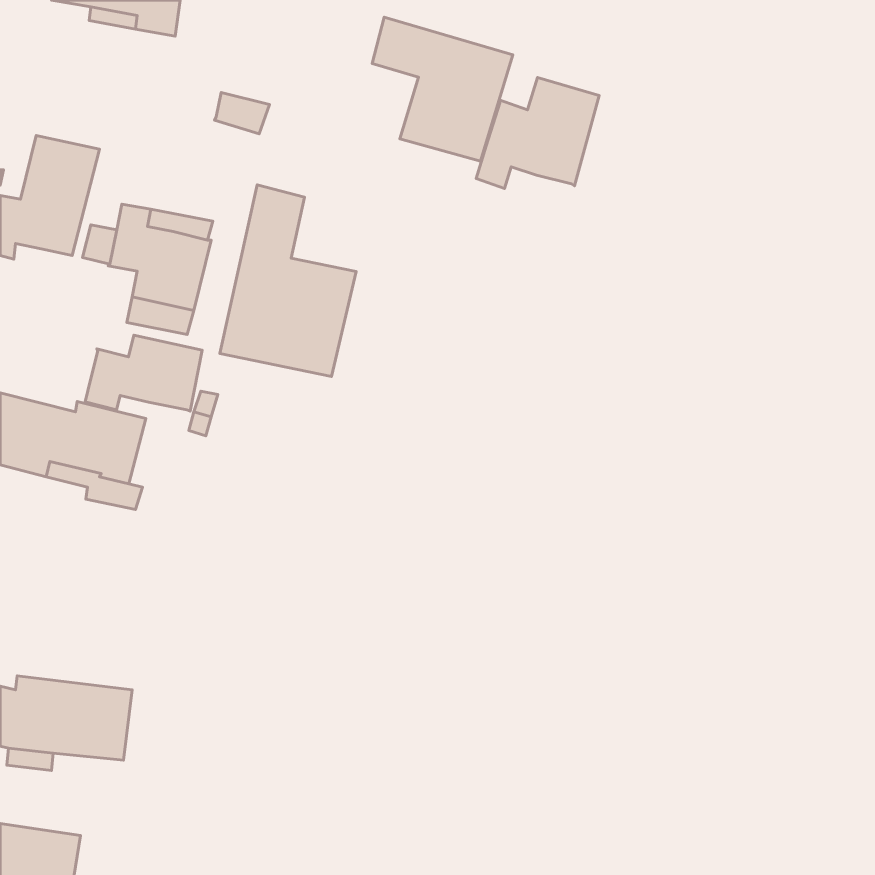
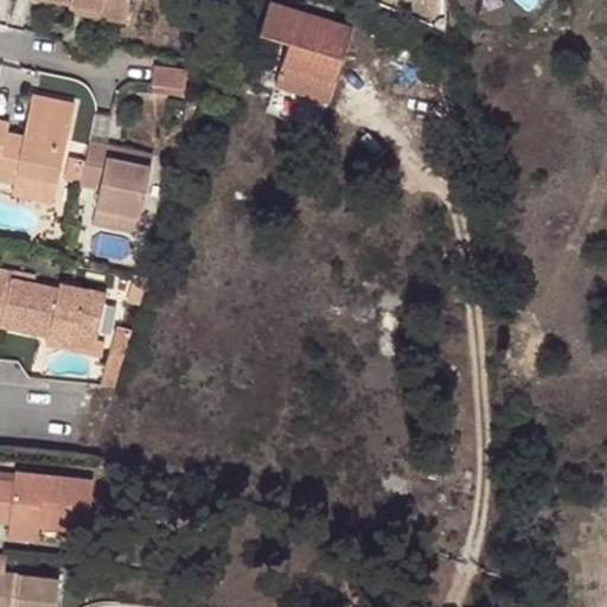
building: [476,78,599,188] -> none
building: [220,185,356,377] -> none
building: none -> [6,170,53,204]
building: [85,335,202,411] -> none

